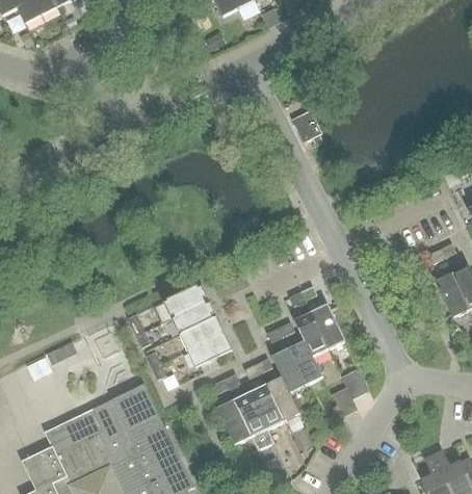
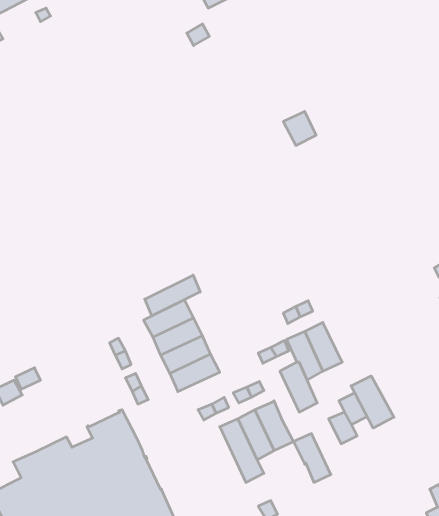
building: none -> [145,275,200,316]
building: [270,348,305,393] -> [293,434,331,482]
building: none -> [351,376,394,428]
building: [216,399,250,444] -> none

